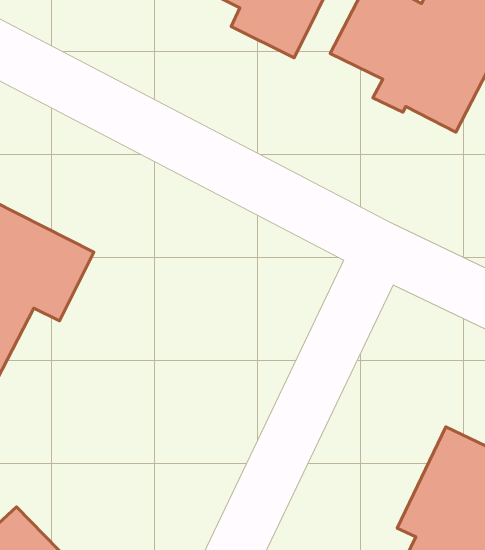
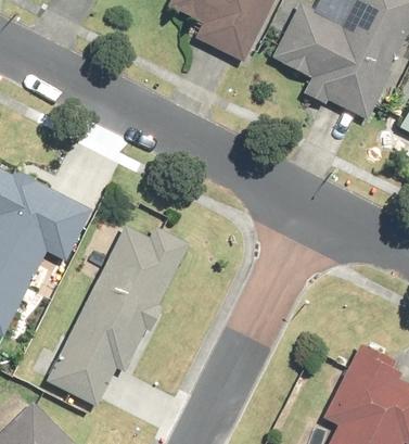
building: none -> [46,225,189,407]

